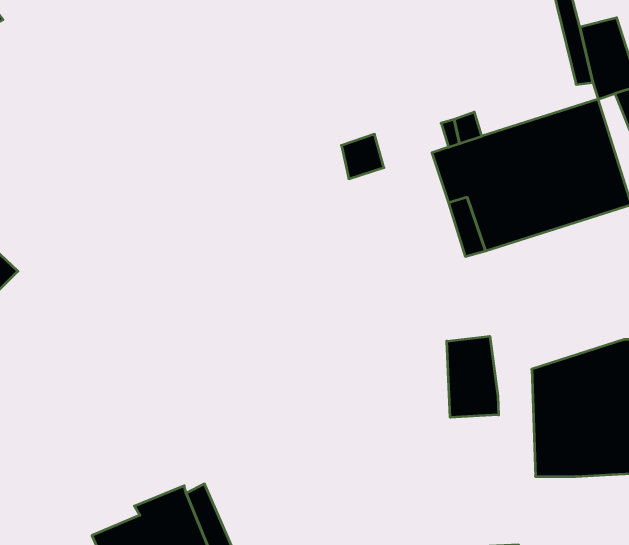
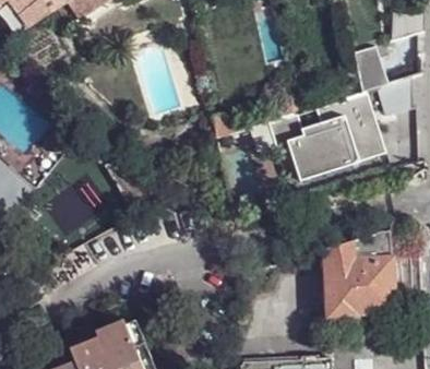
building: [447,336,499,417] -> none

